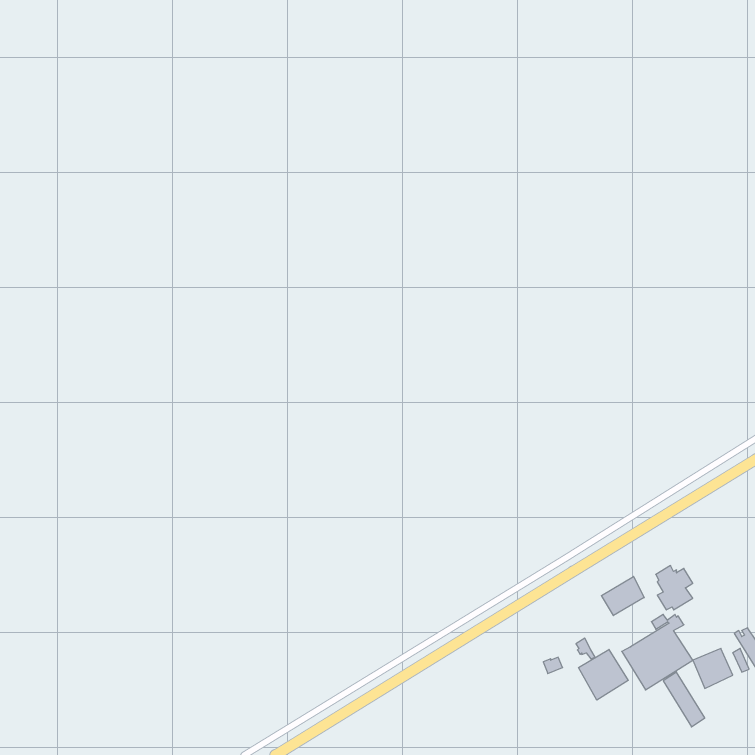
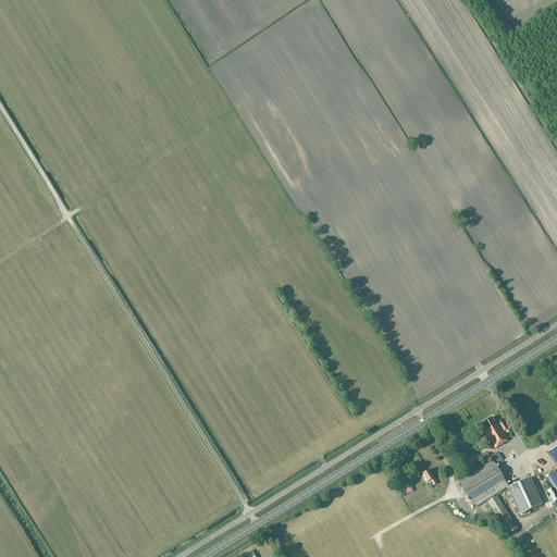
building: [601,576,644,616] -> none
building: [579,649,628,700] -> none

